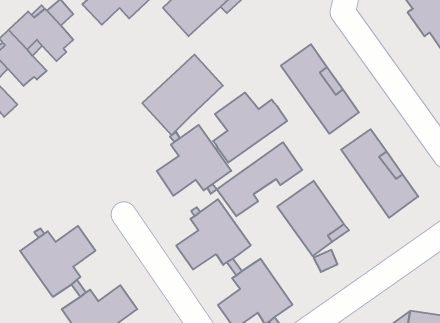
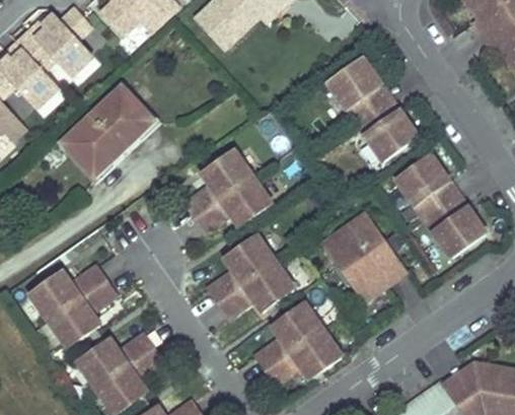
building: [142,55,223,135] -> [61,85,153,178]
building: [213,93,287,163] -> none
building: [217,142,302,216] -> none

